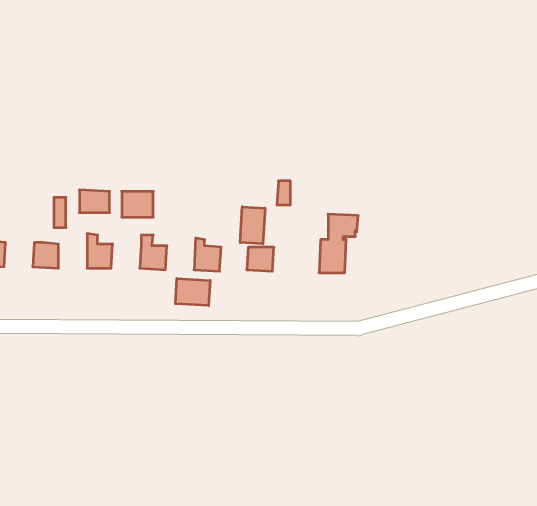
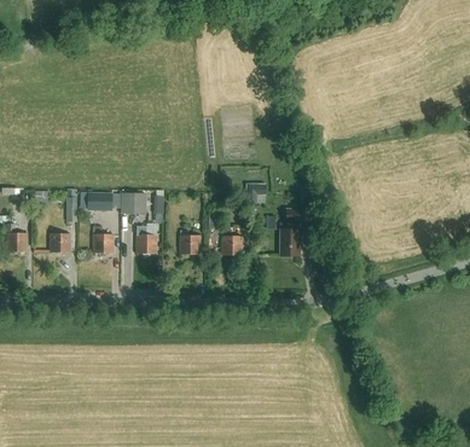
building: [240,207,265,244] -> none
building: [175,278,210,306] -> none

